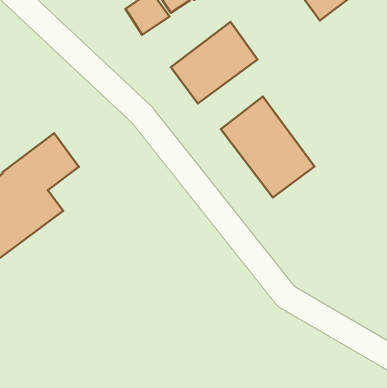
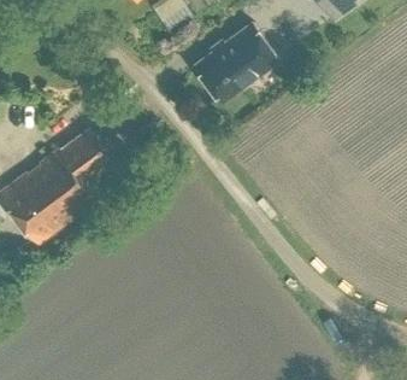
building: [221,97,314,198] -> none

